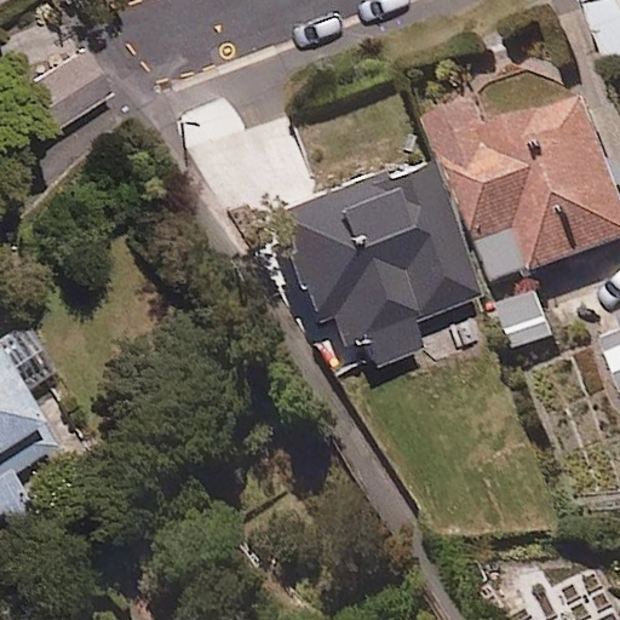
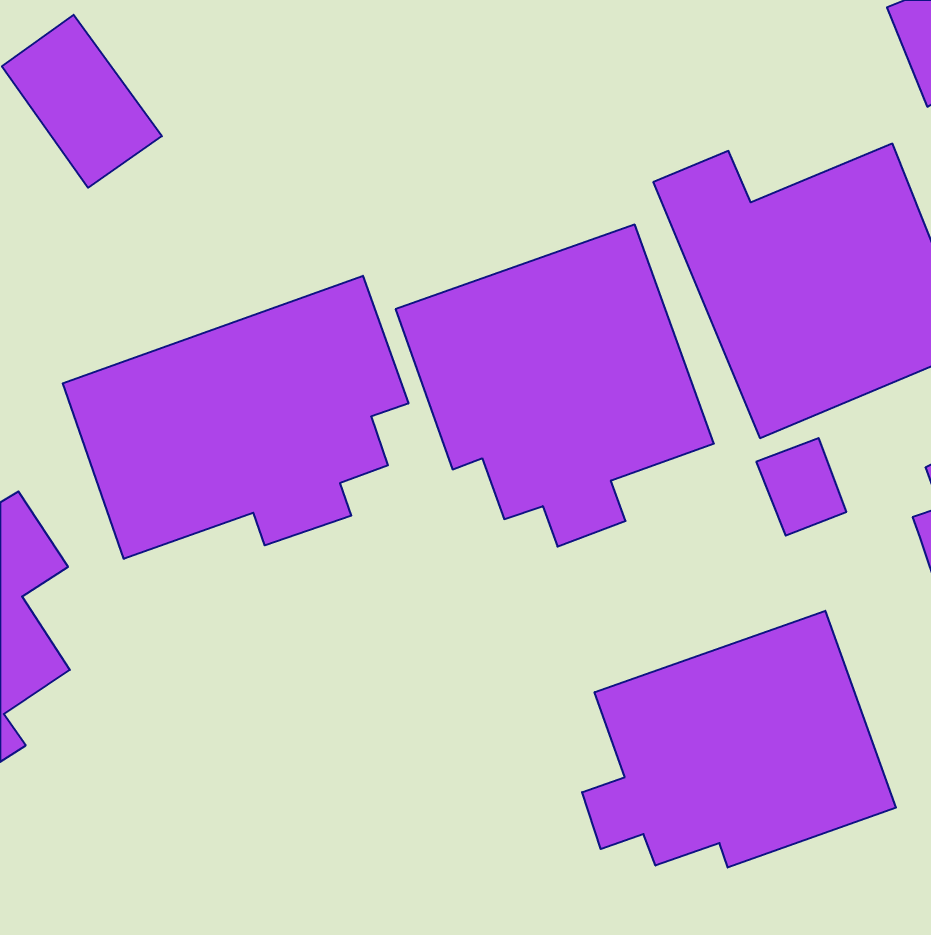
building: none -> [63,276,408,559]
building: none -> [582,611,896,868]

